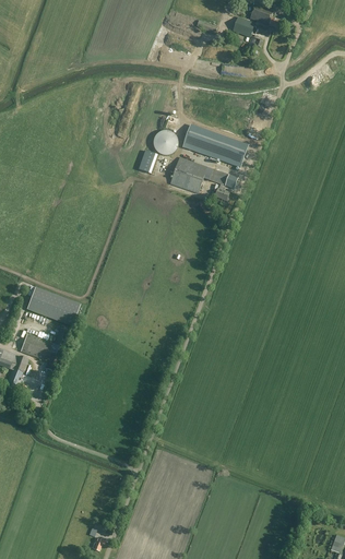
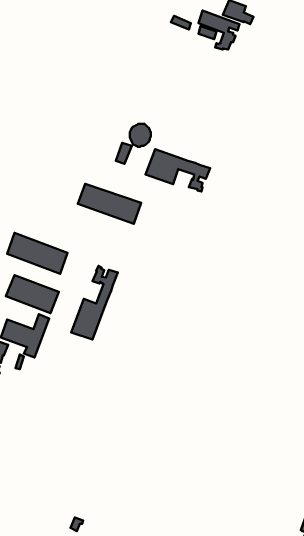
building: [183,124,249,166] -> [78,184,141,224]
building: none -> [7,233,68,274]
building: none -> [71,266,118,340]

